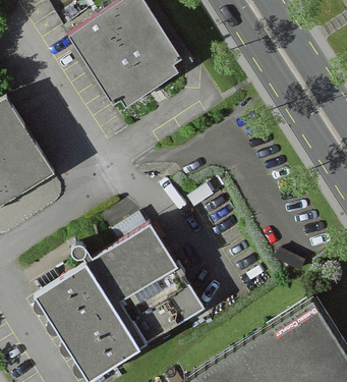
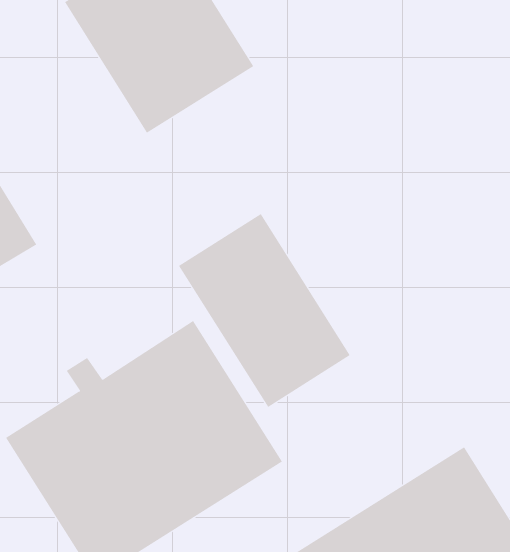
building: none -> [178,213,351,408]

